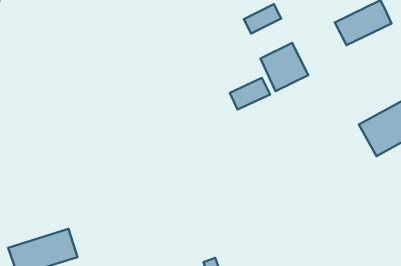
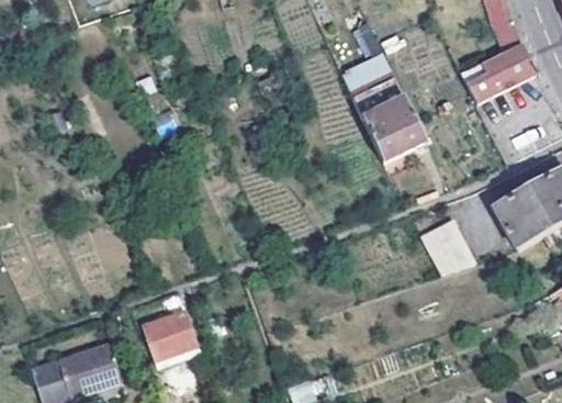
building: [230,78,270,110] -> [350,70,403,112]
building: none -> [423,217,473,272]
building: none -> [143,309,199,367]

